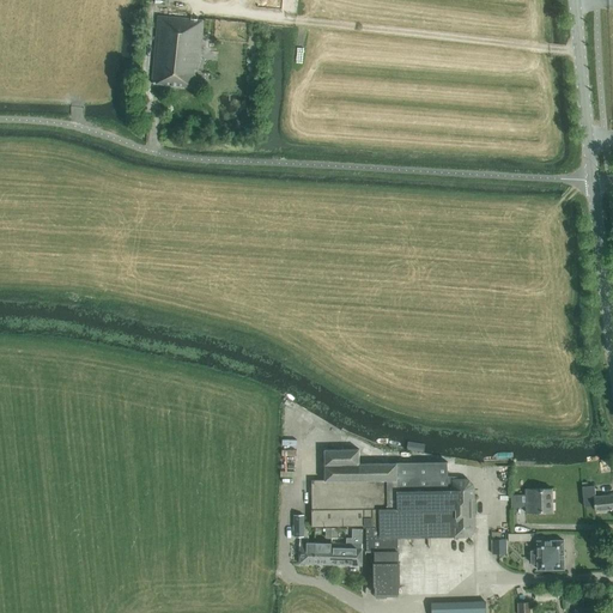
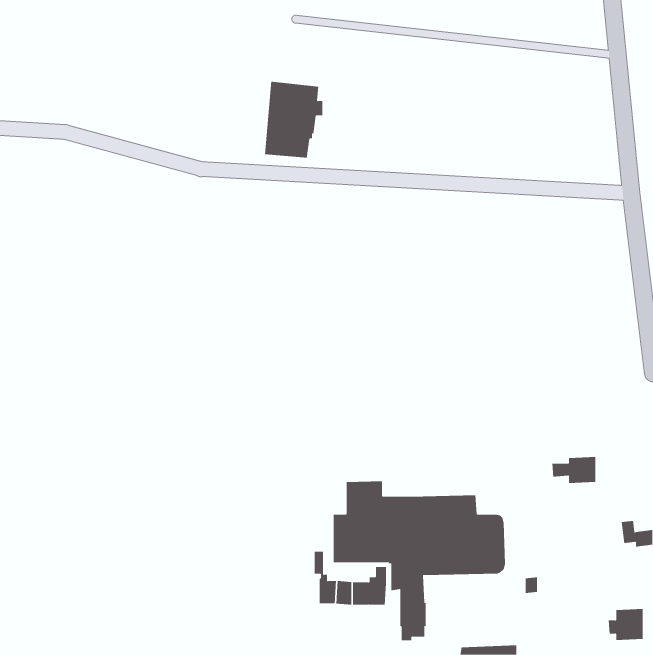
building: [151,16,206,87] -> [264,81,323,158]
building: [509,488,551,514] -> [551,457,596,484]
building: [529,540,563,570] -> [608,608,644,640]

